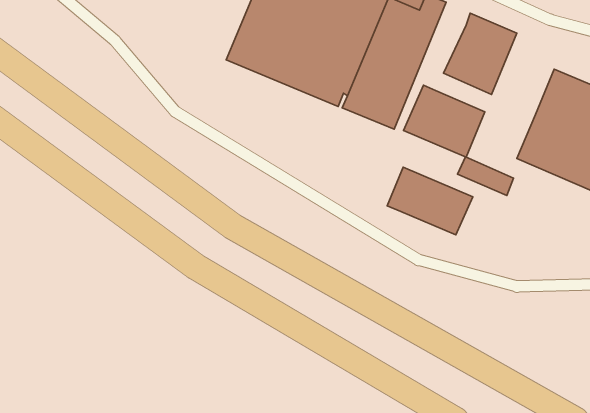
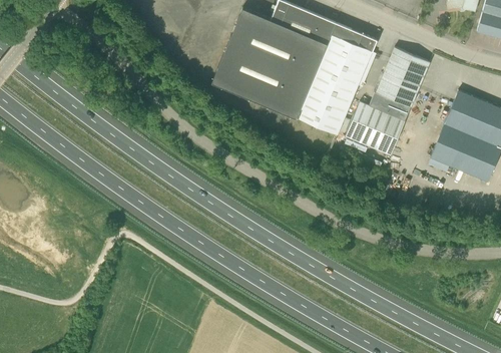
building: [457,157,513,196] -> [369,92,411,121]
building: [387,167,473,235] -> none

